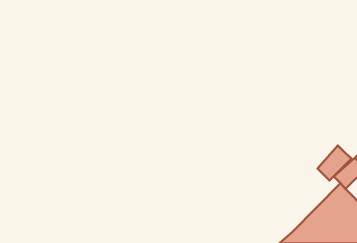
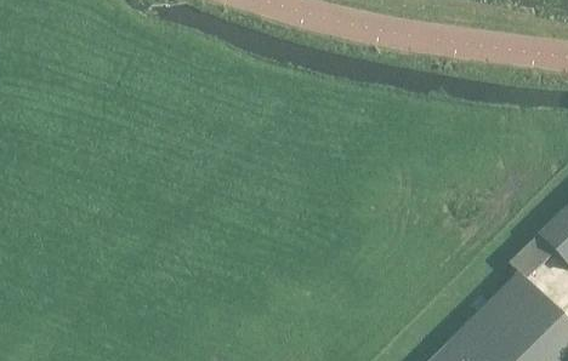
building: [317,145,352,181] -> none

